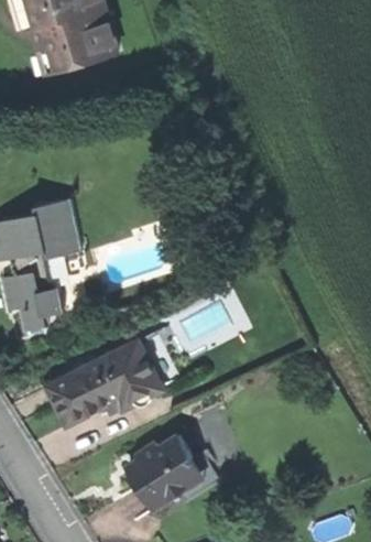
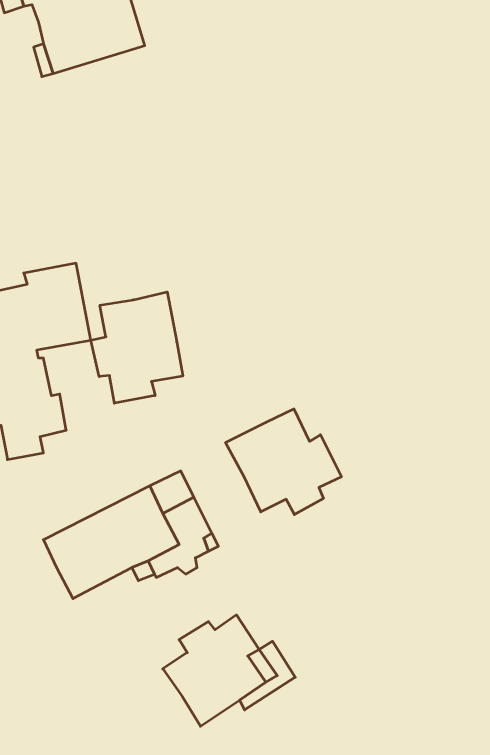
building: none -> [91,292,183,403]
building: none -> [226,409,341,515]

